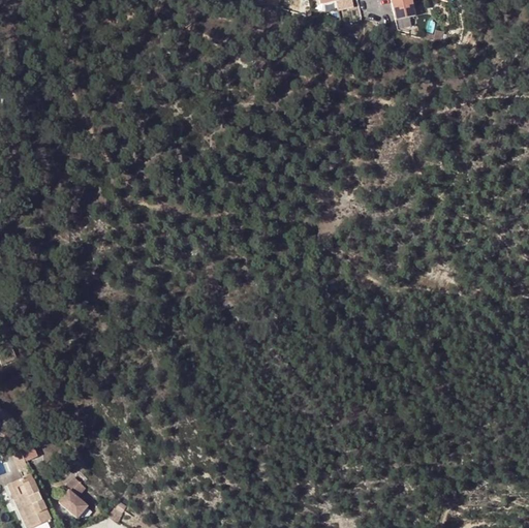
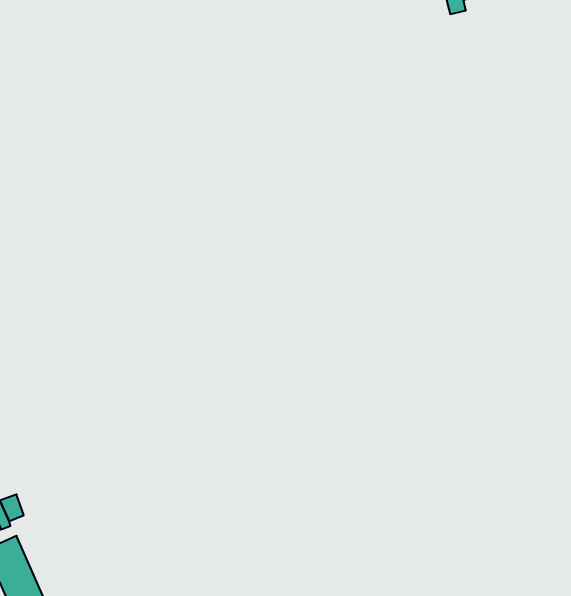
building: [59,476,87,517] -> none

